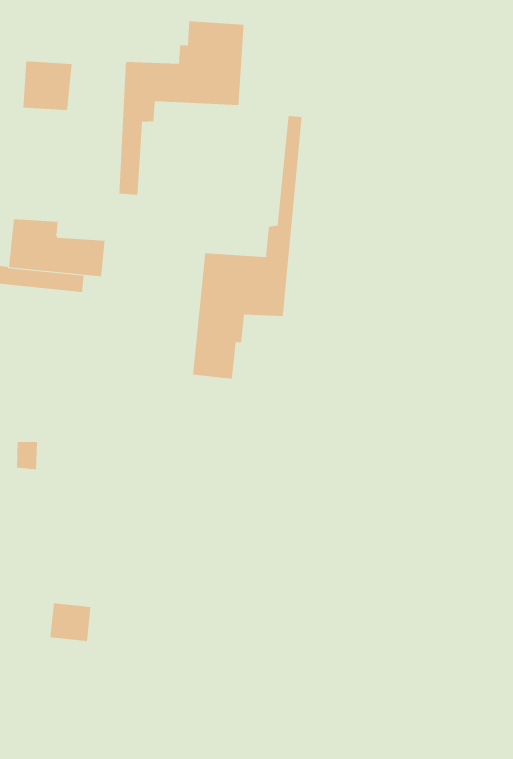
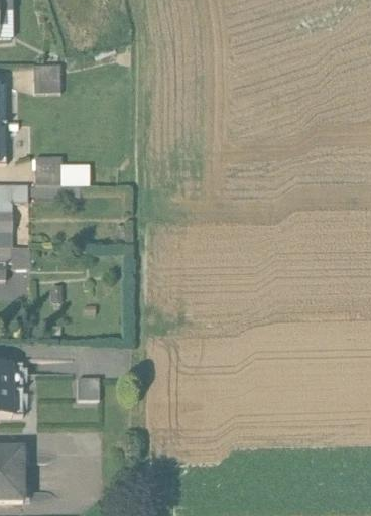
building: [119,21,244,195] -> none
building: [192,115,302,379] -> none

